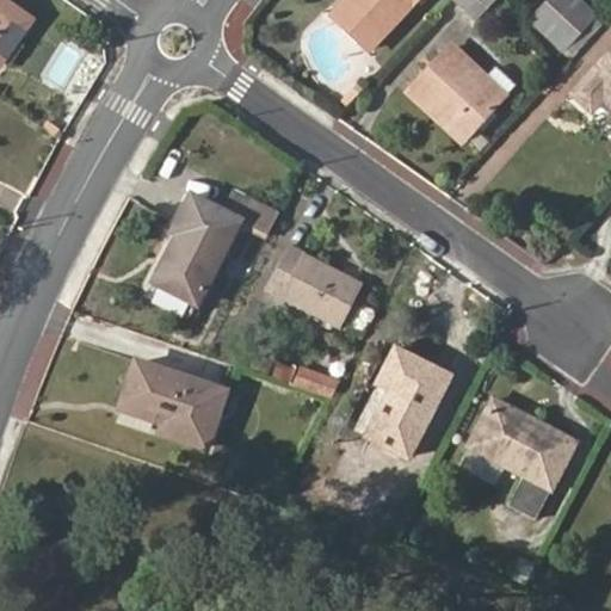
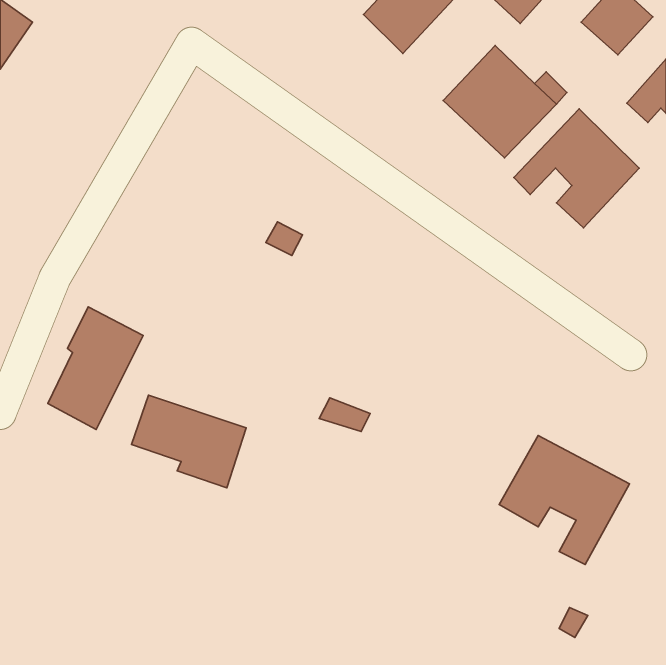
building: none -> [514,109,639,228]
building: [155,193,242,306] -> [48,307,143,429]
building: [267,245,363,328] -> none
building: [368,348,450,456] -> none

